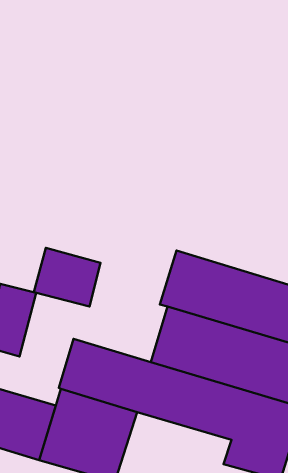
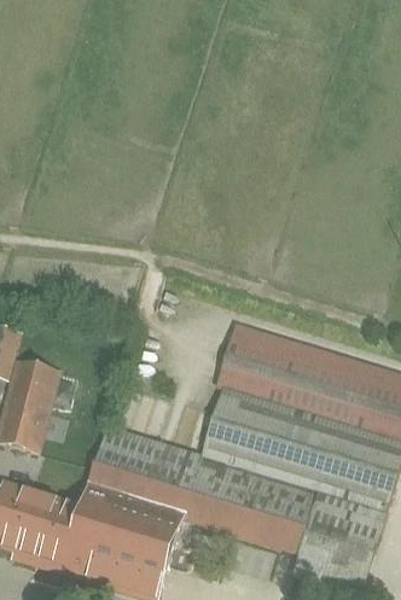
building: [34,248,100,307] -> none

